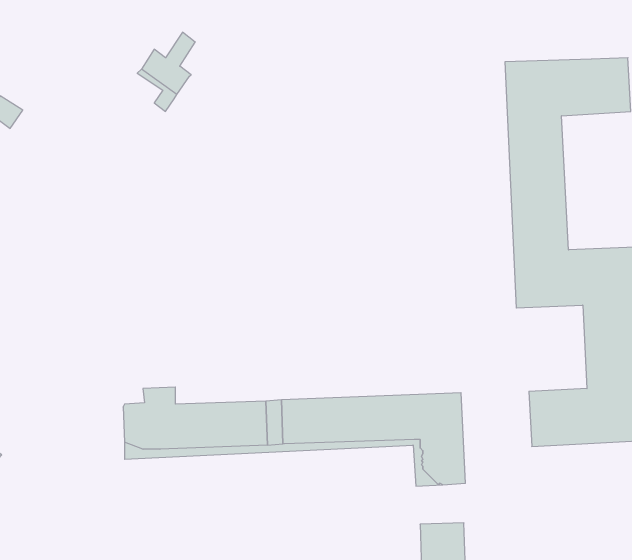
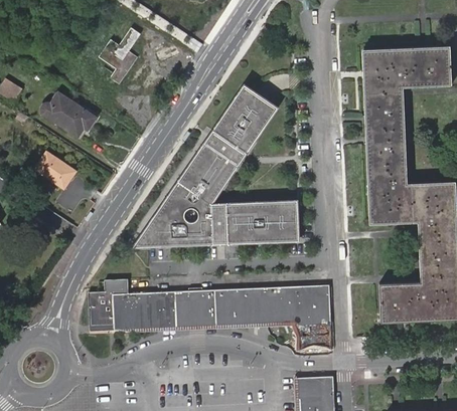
building: none -> [134,87,294,246]
building: none -> [38,90,96,138]
building: none -> [36,152,75,187]

